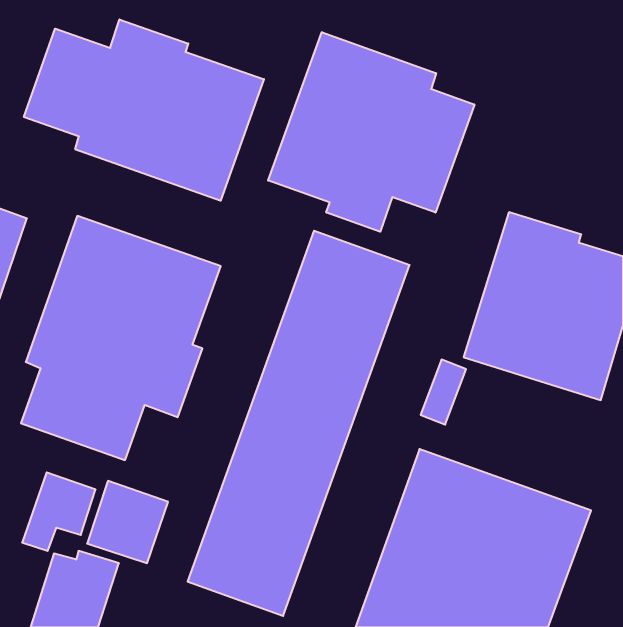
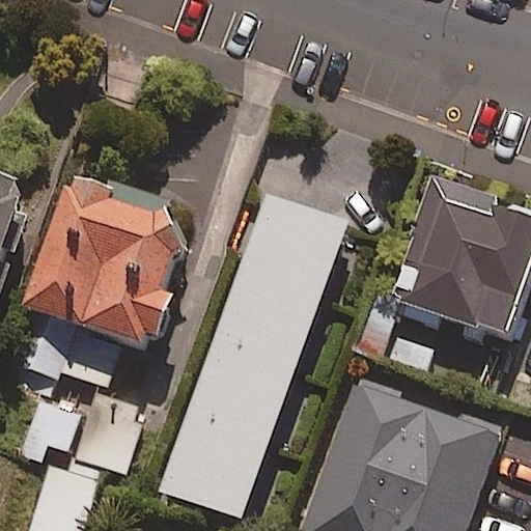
building: [24,19,264,201] -> none
building: [268,32,474,232] -> none

